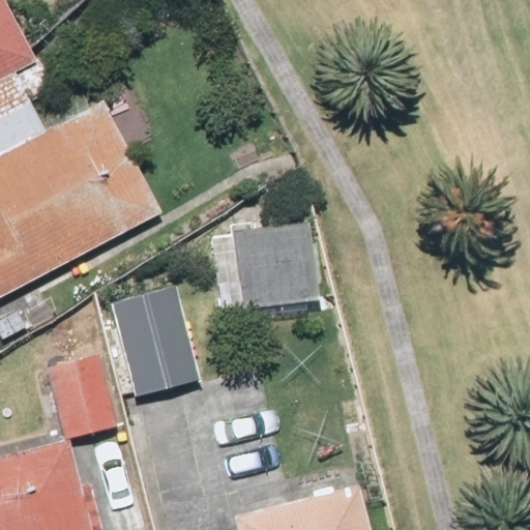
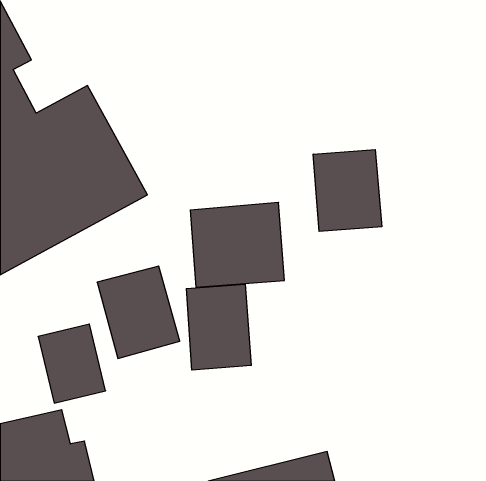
building: none -> [313,150,382,231]
building: none -> [186,284,251,370]

